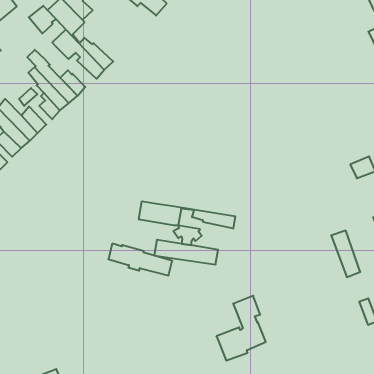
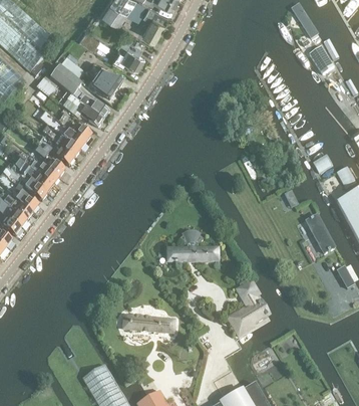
building: none -> [97,72,122,99]
building: [139,201,235,229] -> none
building: [108,244,172,275] -> [123,314,174,332]

